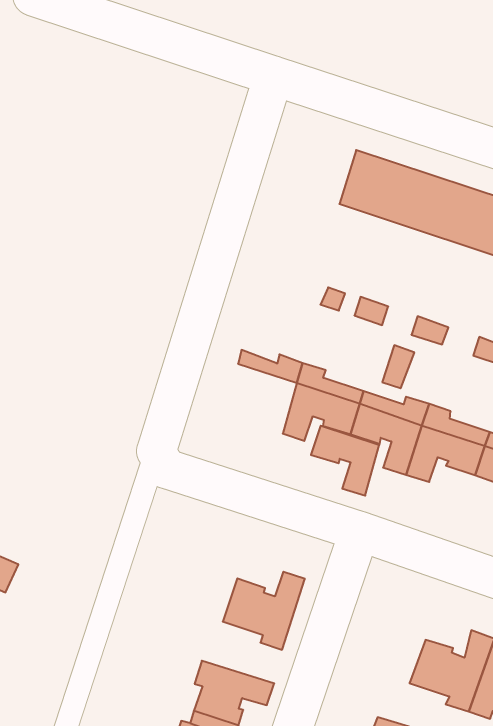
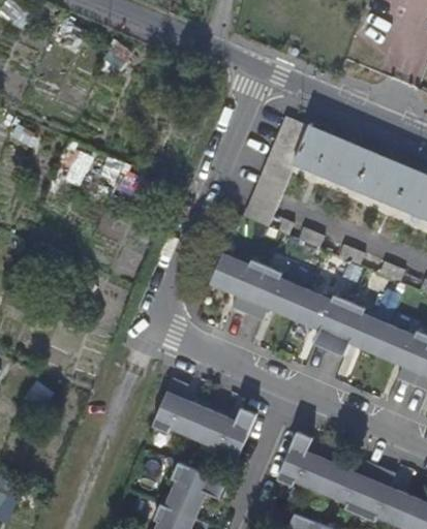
building: none -> [246,114,311,224]
building: [311,426,379,496] -> [210,263,257,314]
building: none -> [150,380,206,440]
building: none -> [275,432,332,493]

